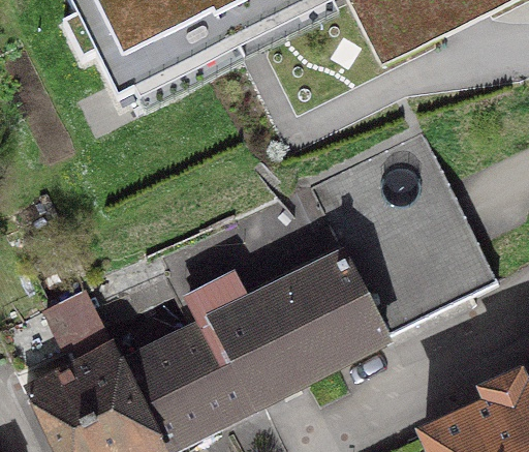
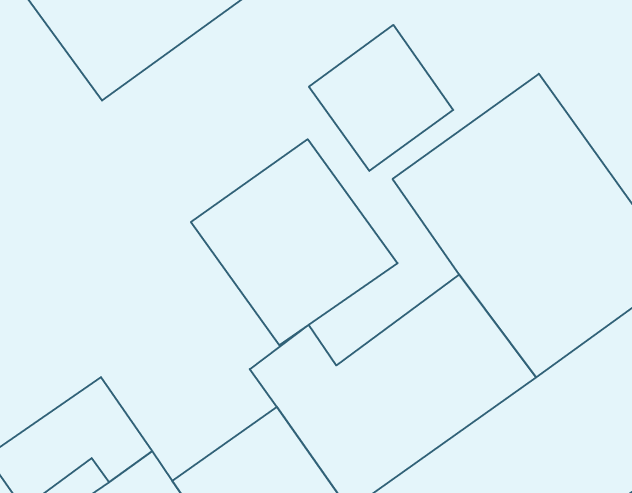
building: none -> [309,25,453,171]
building: none -> [191,139,398,345]

